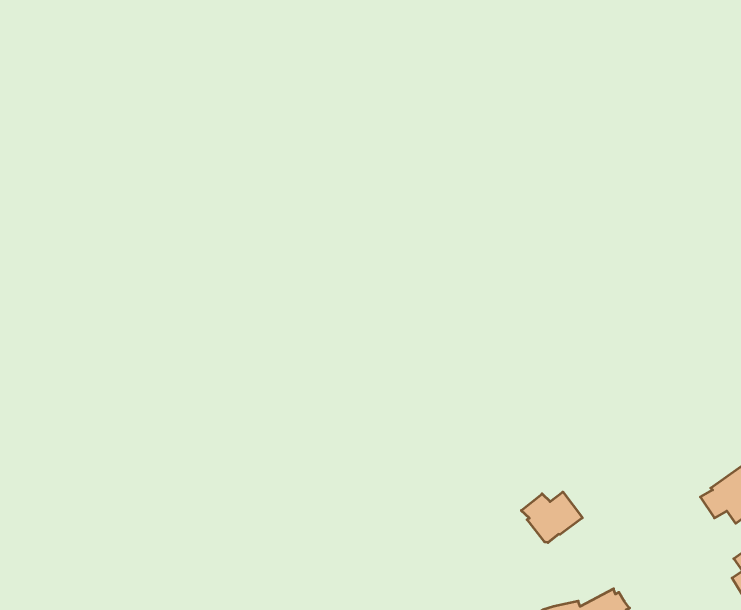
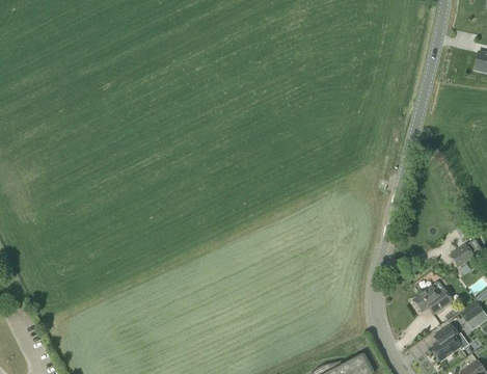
building: [521,492,582,543] -> none

